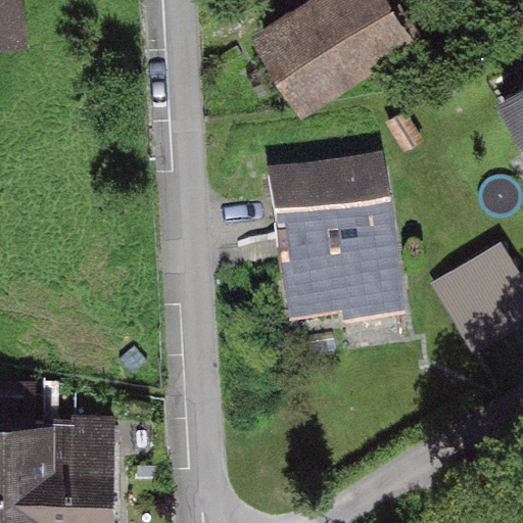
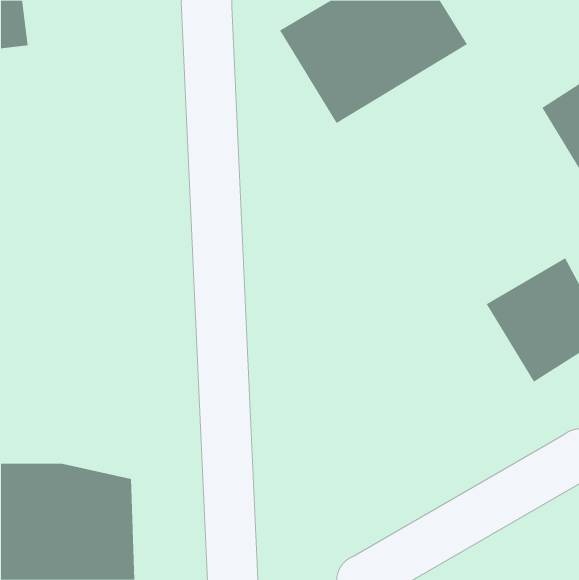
building: [267,179,403,338] -> none

